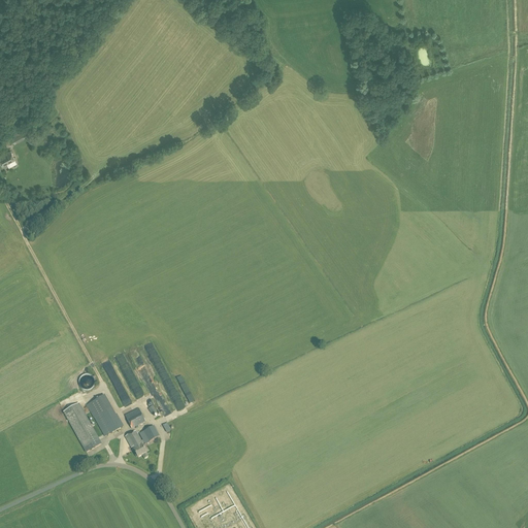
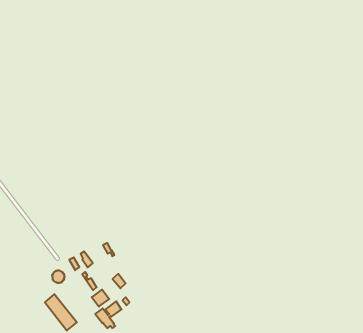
building: [85,397,122,434] -> none

